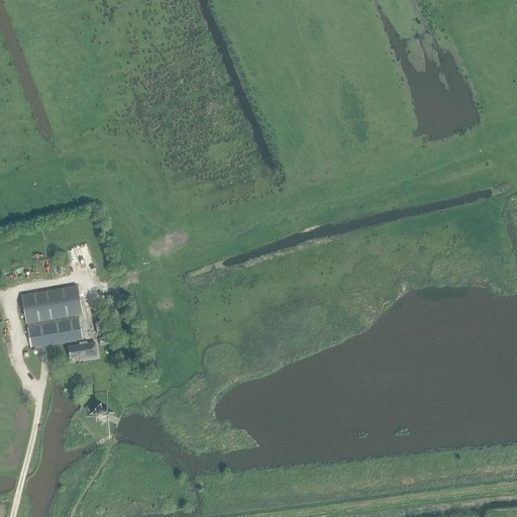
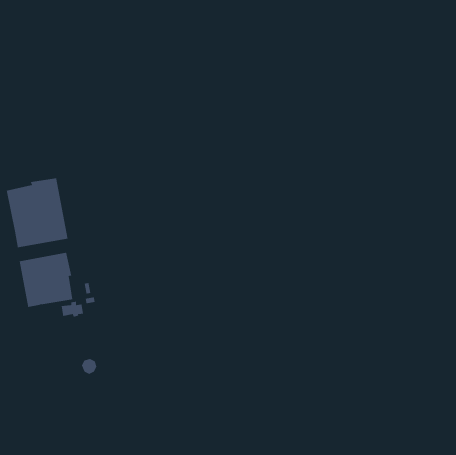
building: none -> [6,178,68,248]

